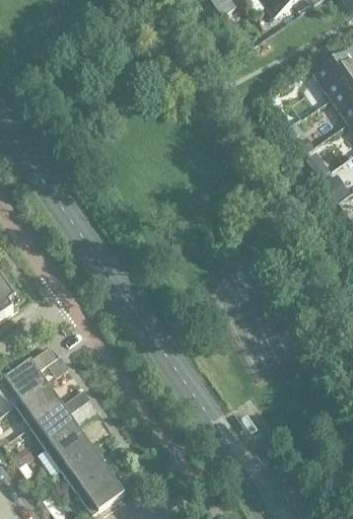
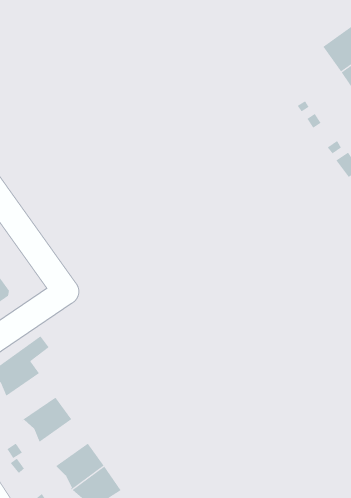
building: [13,380,61,425] -> none
building: [45,424,91,468] -> none

